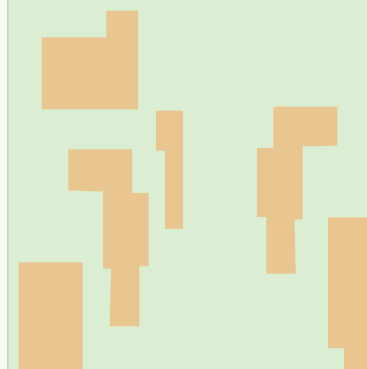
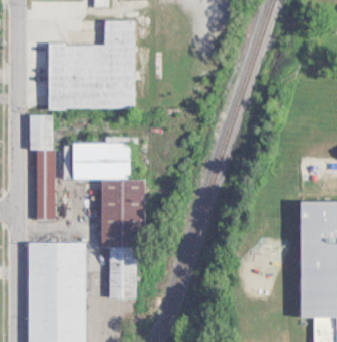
building: [256,106,338,274] -> none
building: [155,110,184,230] -> [29,114,55,220]

